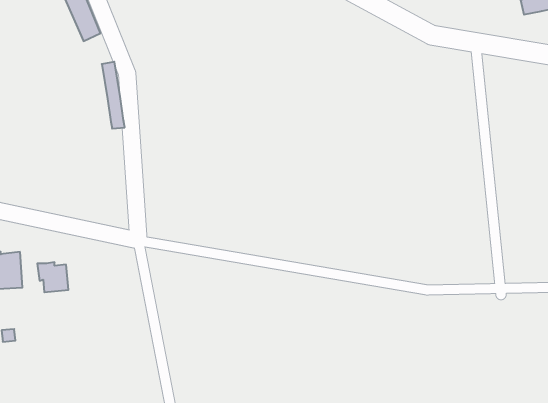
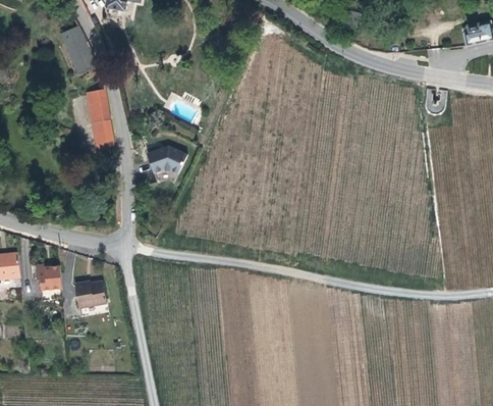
building: none -> [148,144,187,172]
building: none -> [74,284,105,308]

